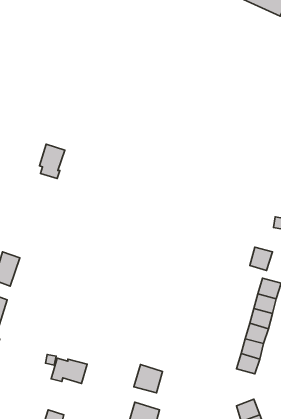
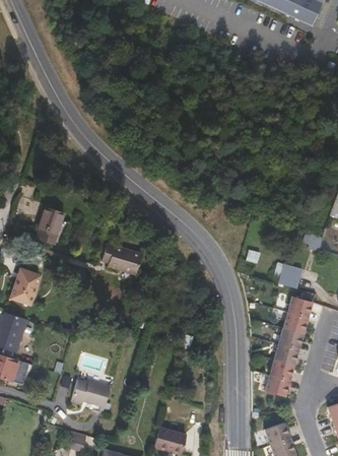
building: [39,144,65,178] -> [37,207,63,243]
building: none -> [104,244,142,274]
building: [134,365,163,393] -> none

